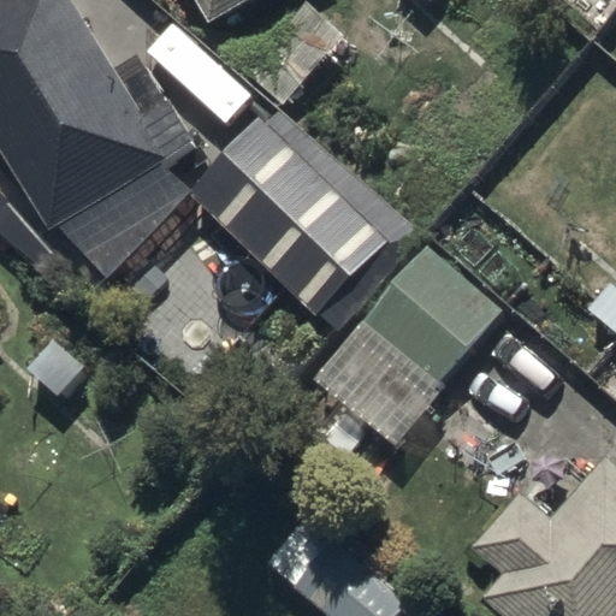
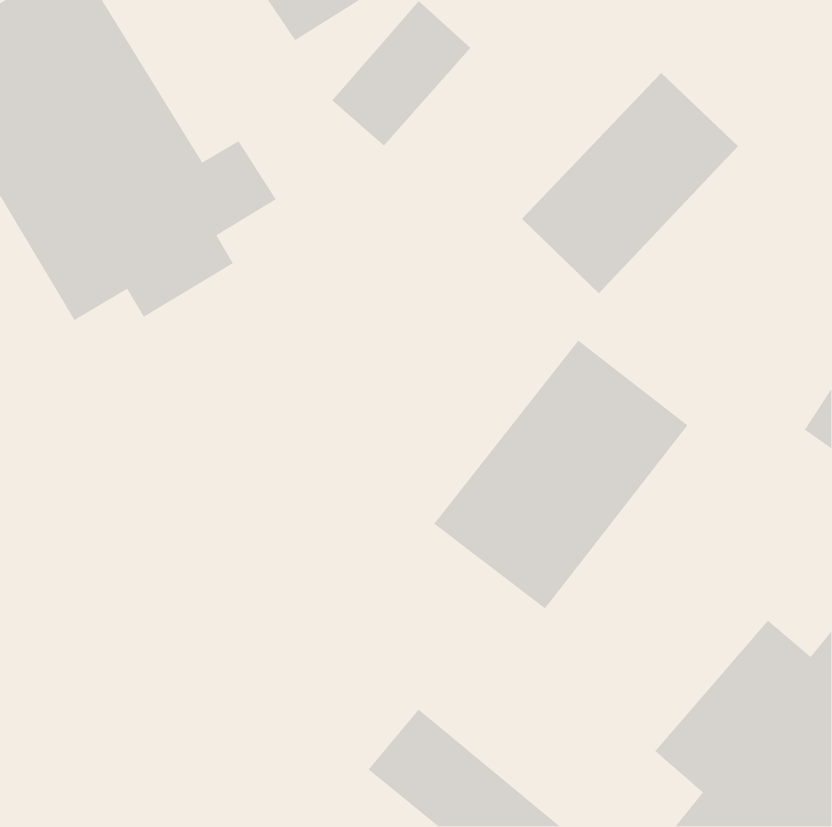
building: none -> [521,72,739,294]
building: [186,117,391,318] -> none

